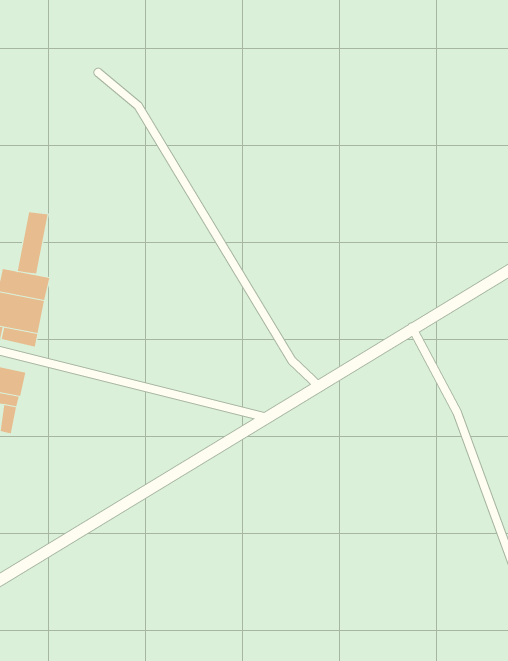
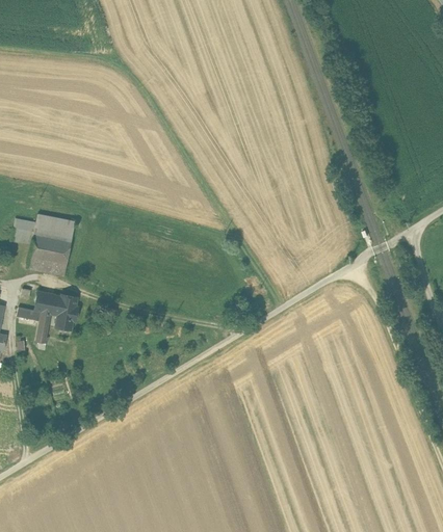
building: [17,211,48,274] -> none
building: none -> [53,295,77,329]

